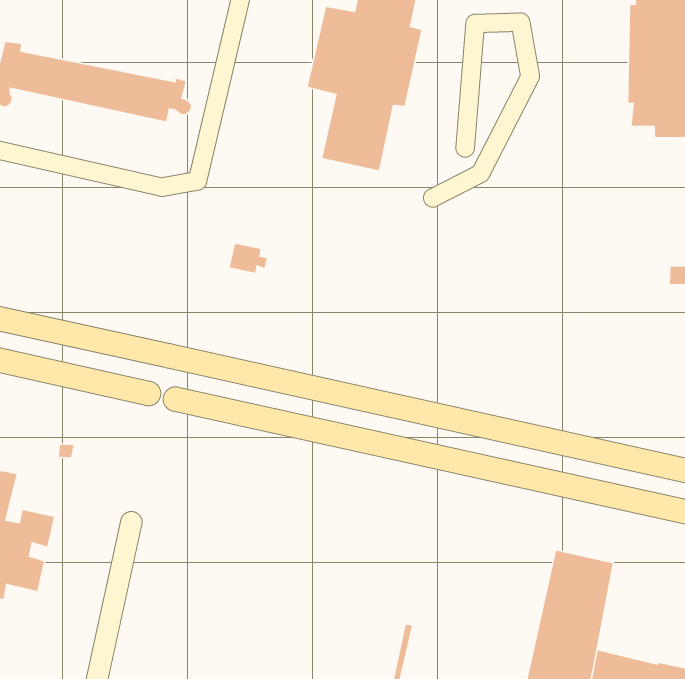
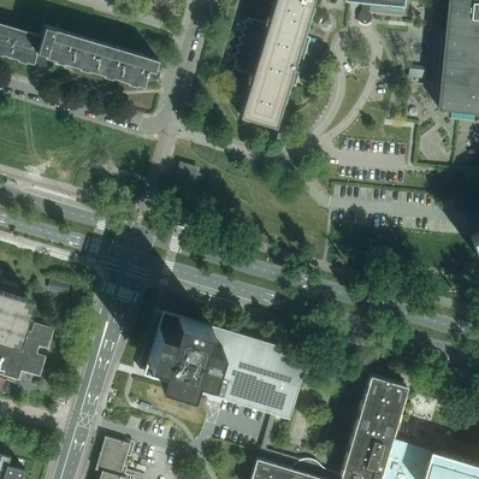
building: none -> [144,312,309,420]

